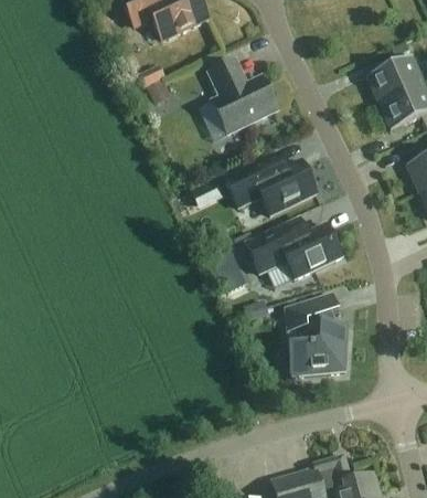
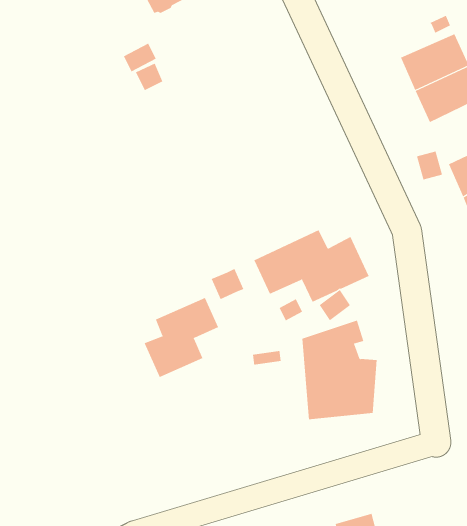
building: [210,60,278,133] -> none
building: [225,151,317,214] -> none
building: none -> [144,297,219,378]

